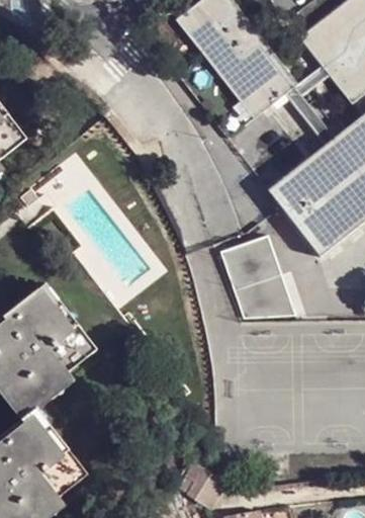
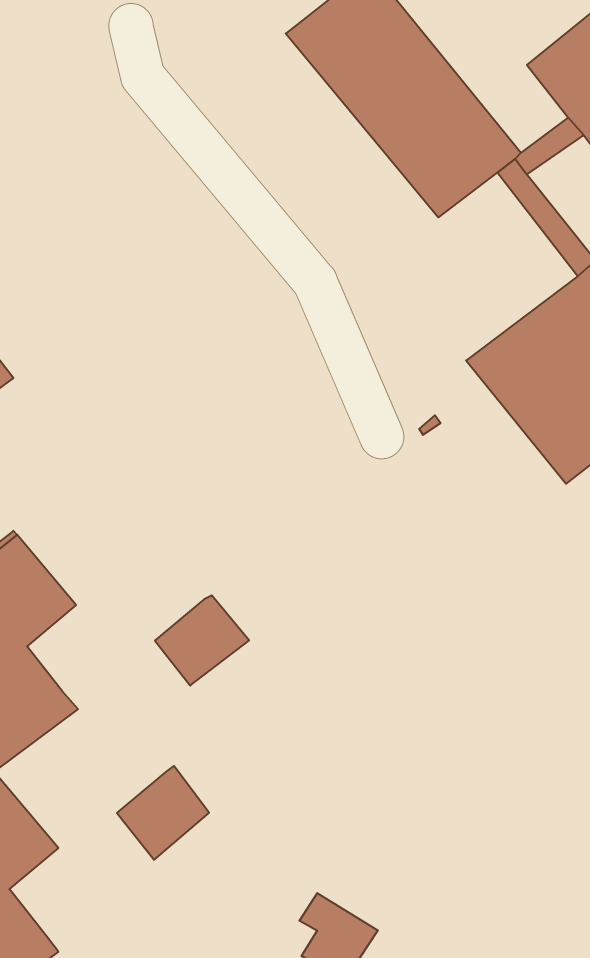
building: [219,242,287,322] -> none
building: [43,315,92,361] -> [155,595,249,686]
building: [34,439,82,488] -> [117,766,209,860]

